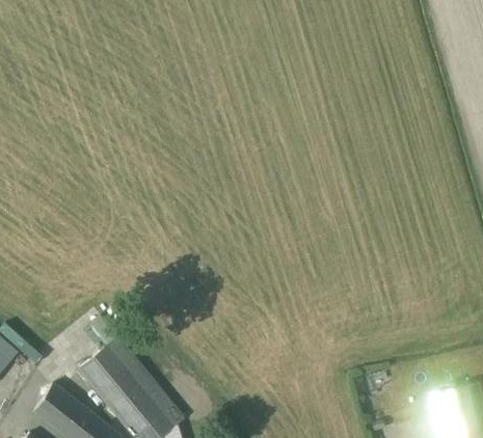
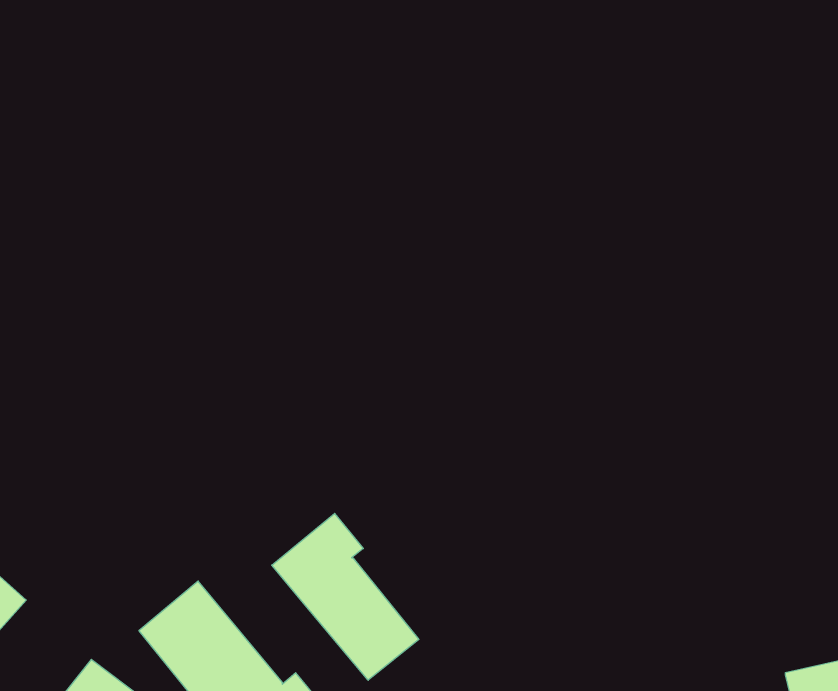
building: none -> [272,513,419,680]

